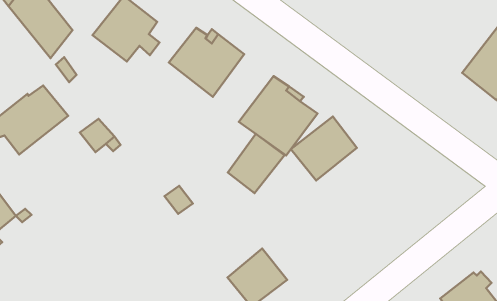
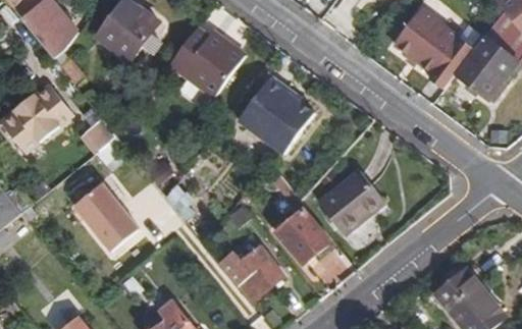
building: none -> [395,8,473,87]
building: [291,117,357,180] -> [319,173,383,235]
building: [228,134,284,193] -> none
building: none -> [73,184,138,252]
building: none -> [276,209,330,263]

